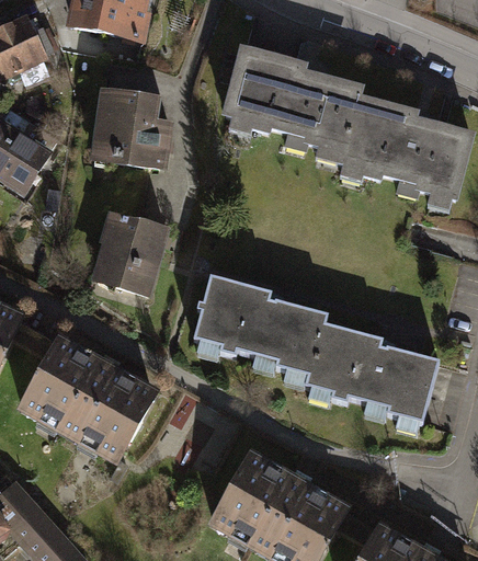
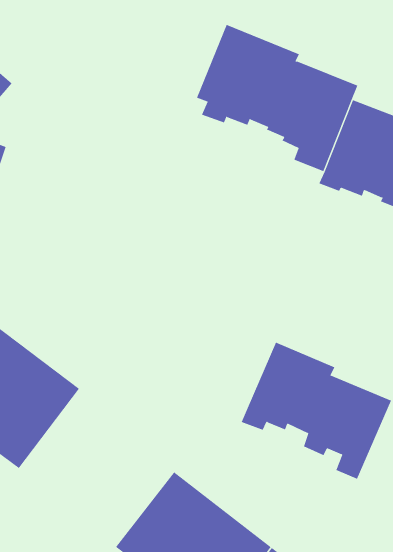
building: [94,91,170,168] -> none
building: [92,213,167,296] -> none
building: [193,275,327,386] -> none

